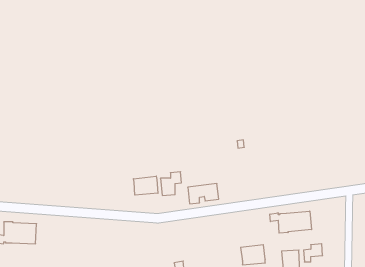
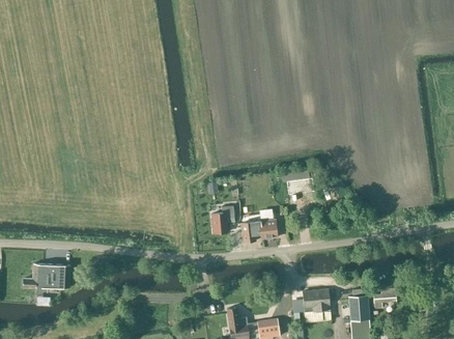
building: [133,176,158,195] -> none
building: [270,211,312,233] -> none

